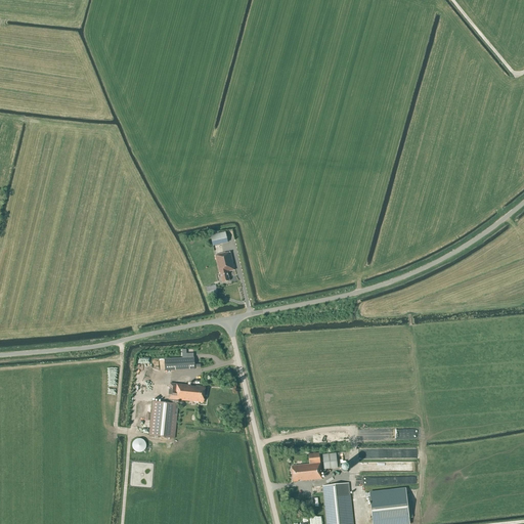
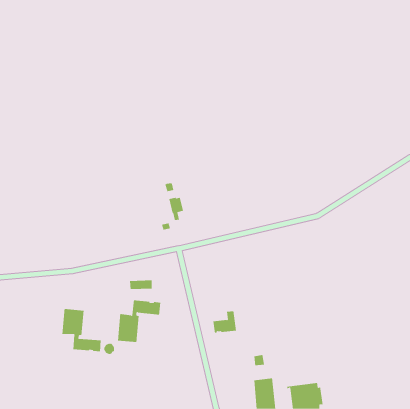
building: none -> [62,308,101,352]
building: [292,452,322,481] -> [213,311,237,333]

